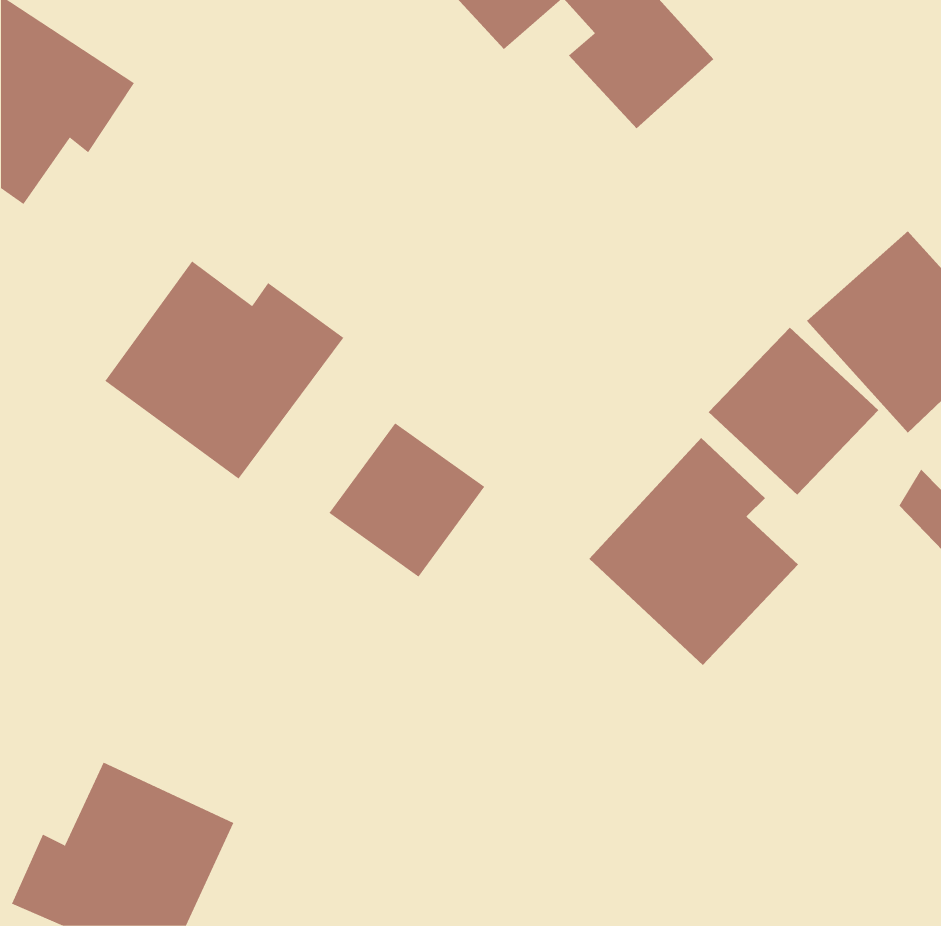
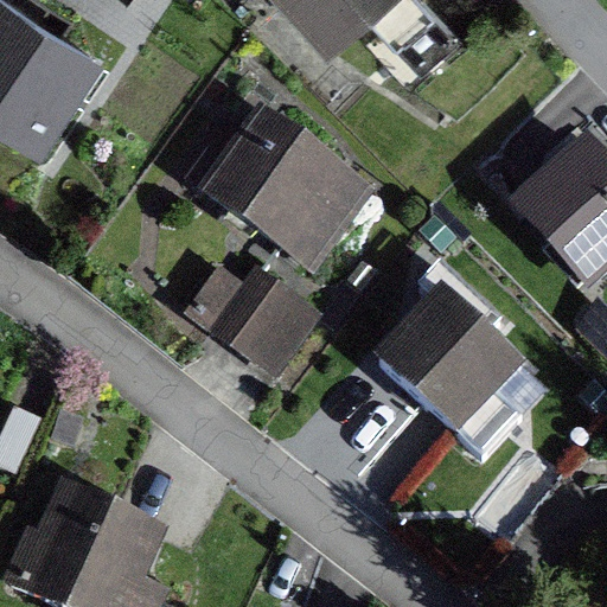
building: none -> [191,116,364,264]
building: [105,261,344,480] -> none
building: [708,327,879,495] -> none

